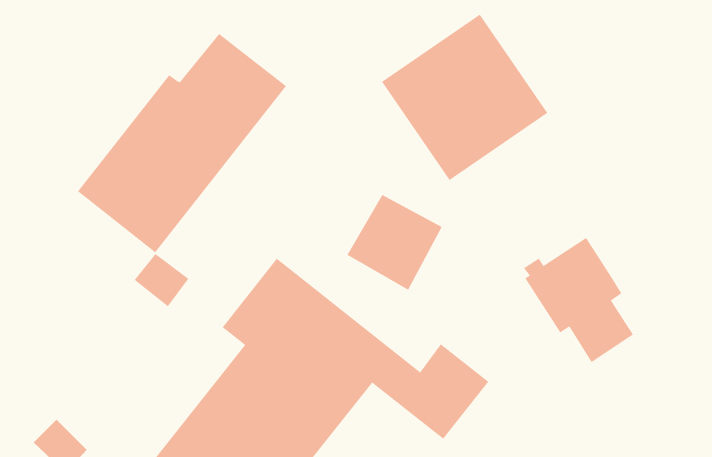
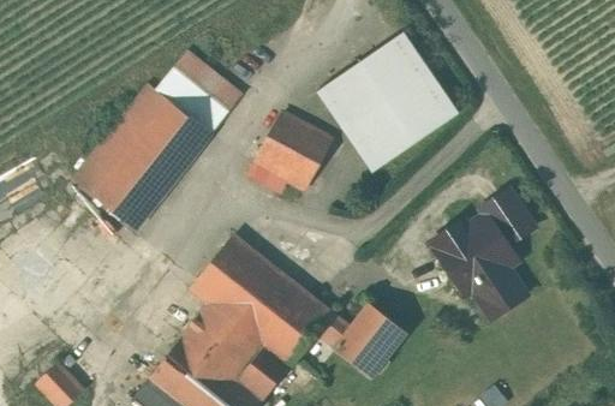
building: [346,194,442,290] -> [255,112,333,190]
building: none -> [482,192,532,246]
building: [134,253,189,307] -> none

